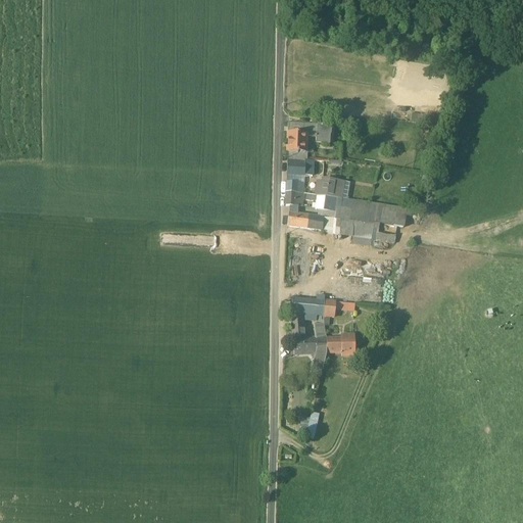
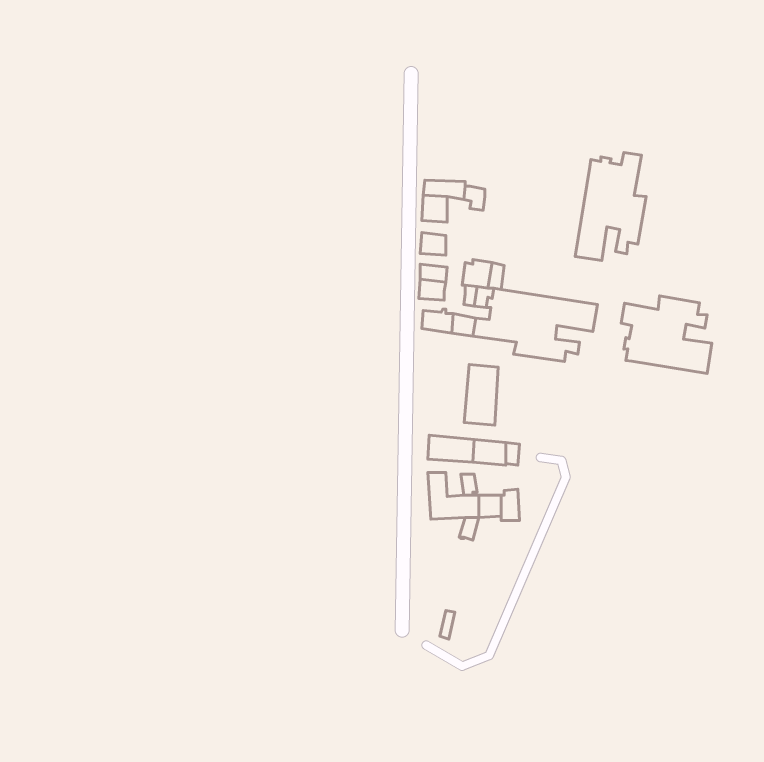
building: none -> [575,153,646,260]
building: none -> [621,296,712,373]
building: none -> [464,364,498,425]

